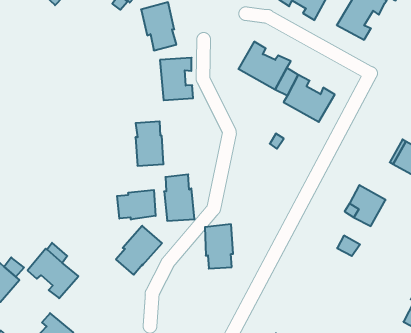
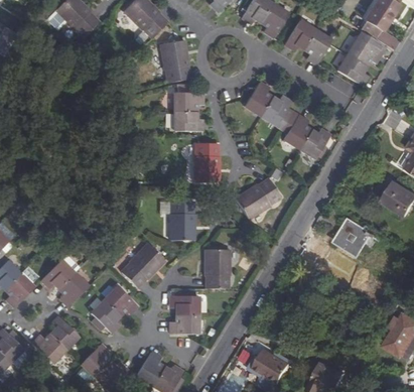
building: [135,121,164,166] -> [194,142,219,181]
building: none -> [236,177,279,218]
building: [117,190,156,220] -> none
building: none -> [92,286,137,333]
building: none -> [169,294,197,333]

